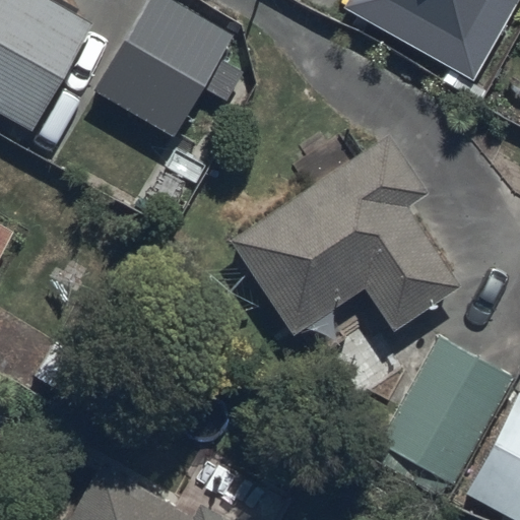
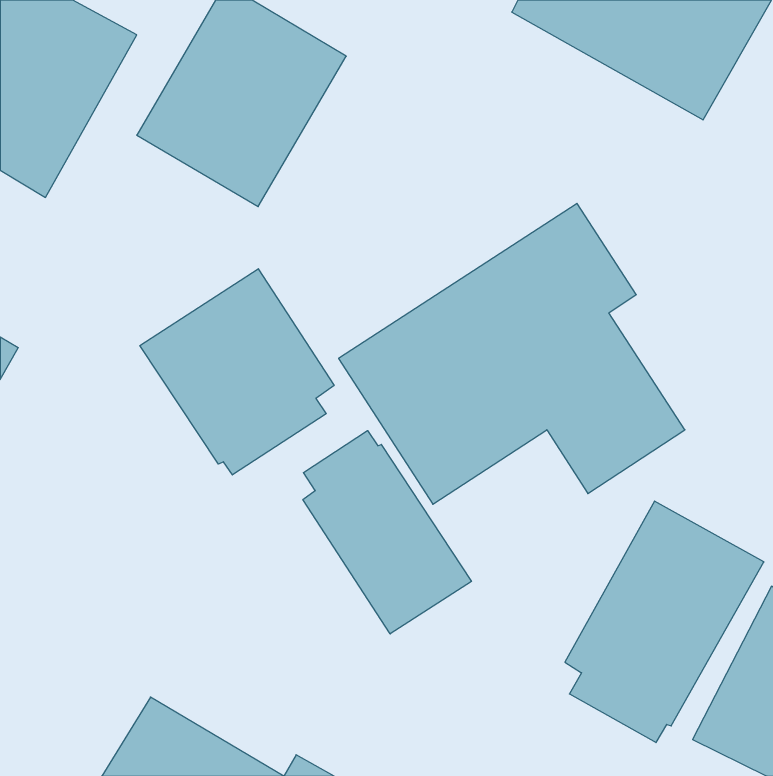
building: none -> [140,269,334,475]
building: none -> [303,431,471,634]

